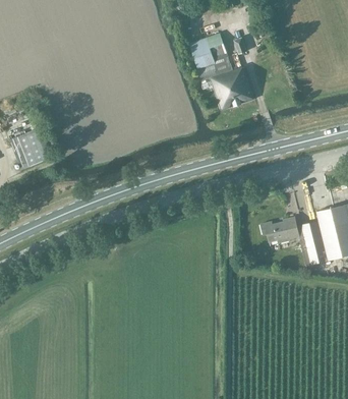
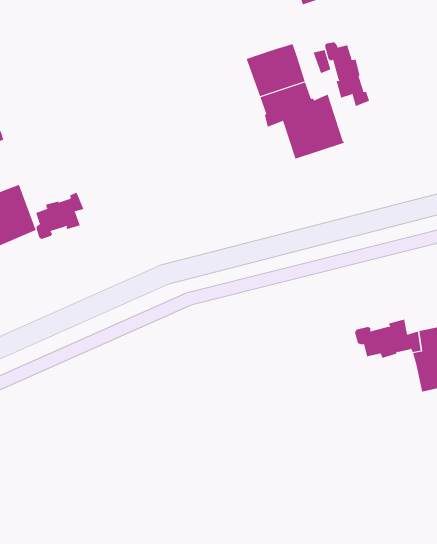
building: none -> [324,42,370,107]
building: none -> [35,192,84,240]

